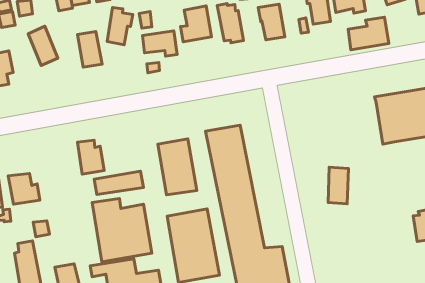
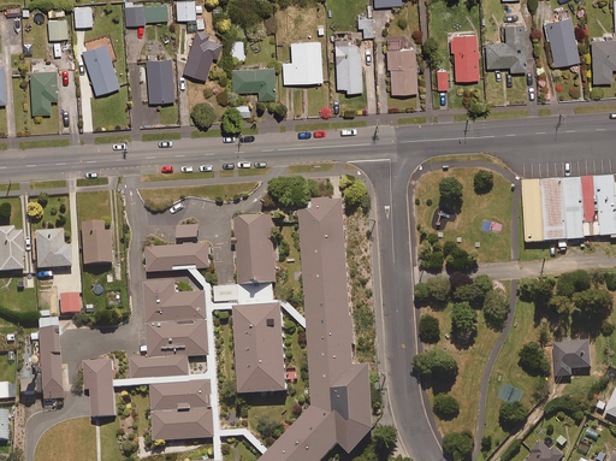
building: [348,17,389,50] -> none
building: [78,140,104,174] -> [82,223,112,265]
building: [328,167,348,204] -> none

